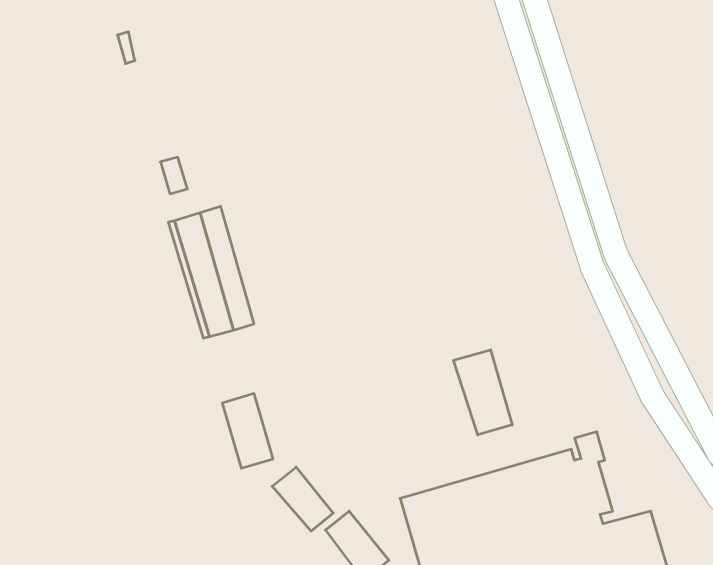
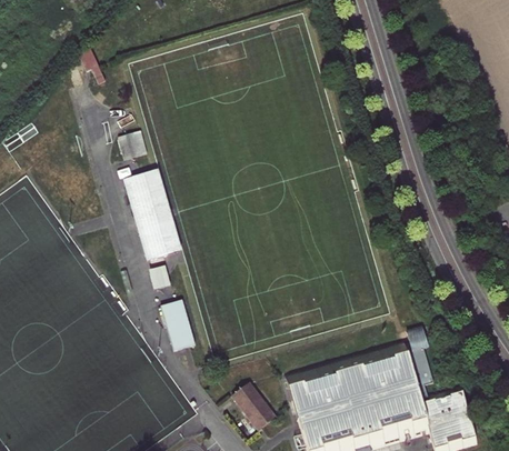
building: [454,350,512,435] -> none
building: [272,467,333,531] -> none

